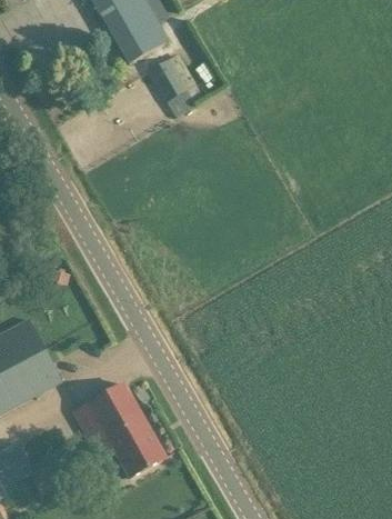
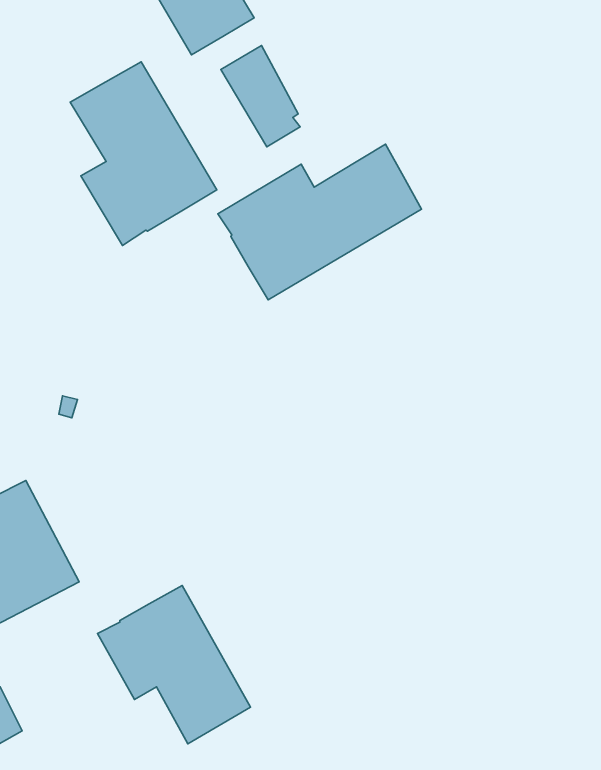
building: none -> [70,62,217,245]
building: none -> [218,144,422,300]

